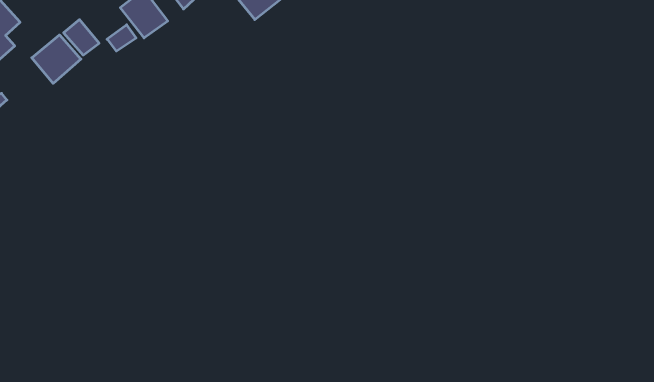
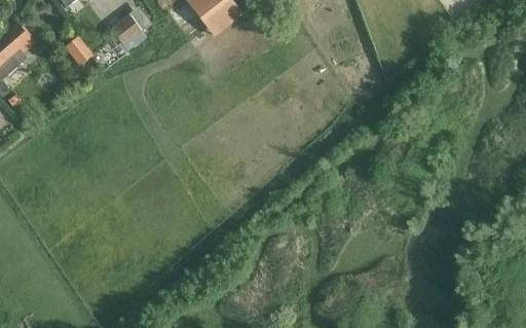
building: [32,35,81,83] -> none

